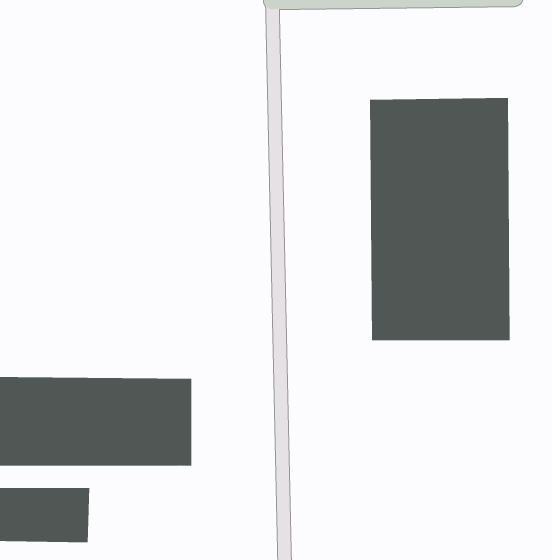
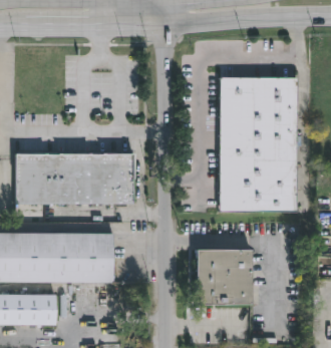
building: none -> [18,153,134,204]
building: none -> [201,250,256,305]

